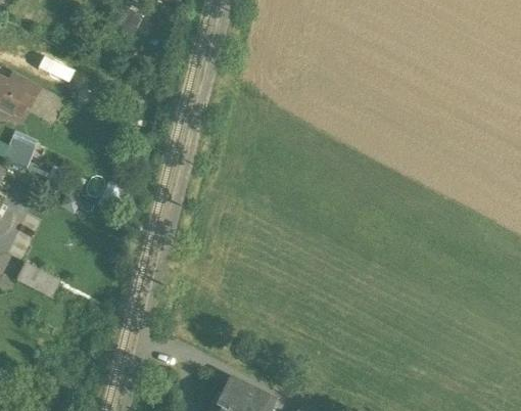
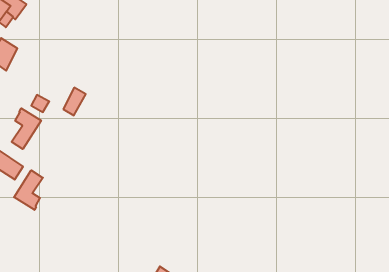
building: none -> [12,108,41,149]
building: none -> [14,170,43,210]

